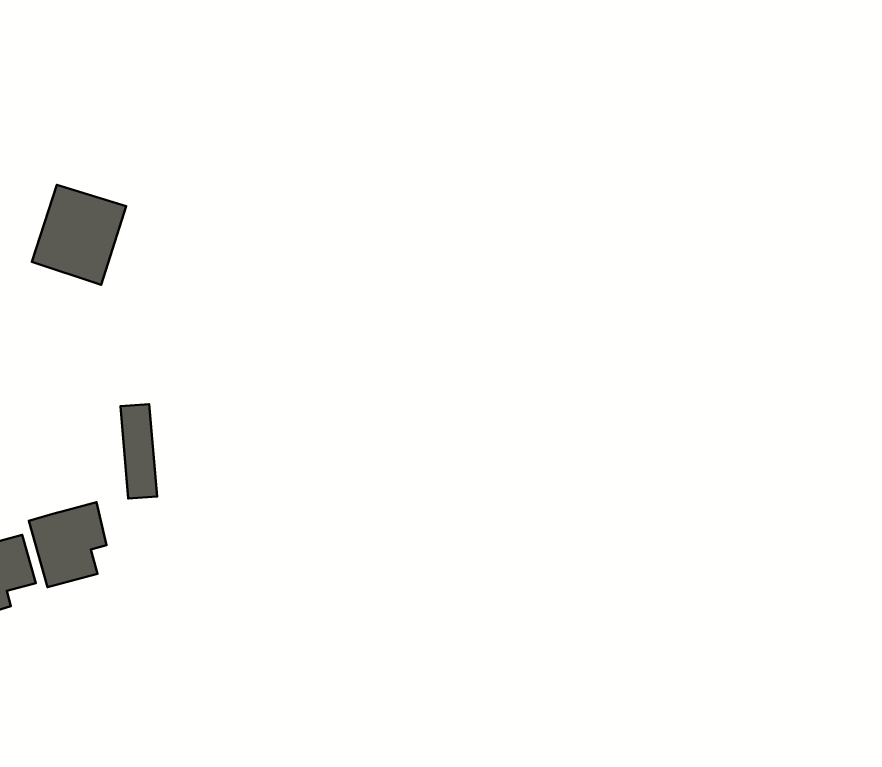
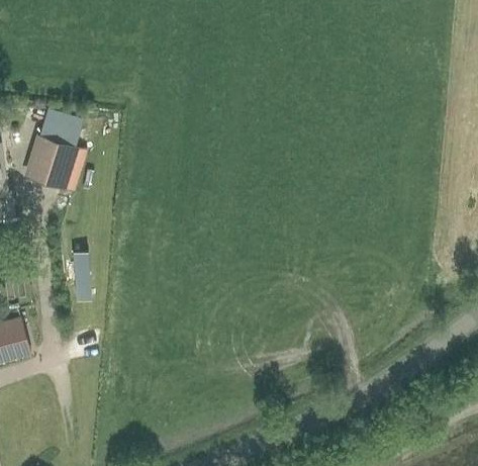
building: none -> [38,109,83,147]
building: [29,502,106,587] -> none

